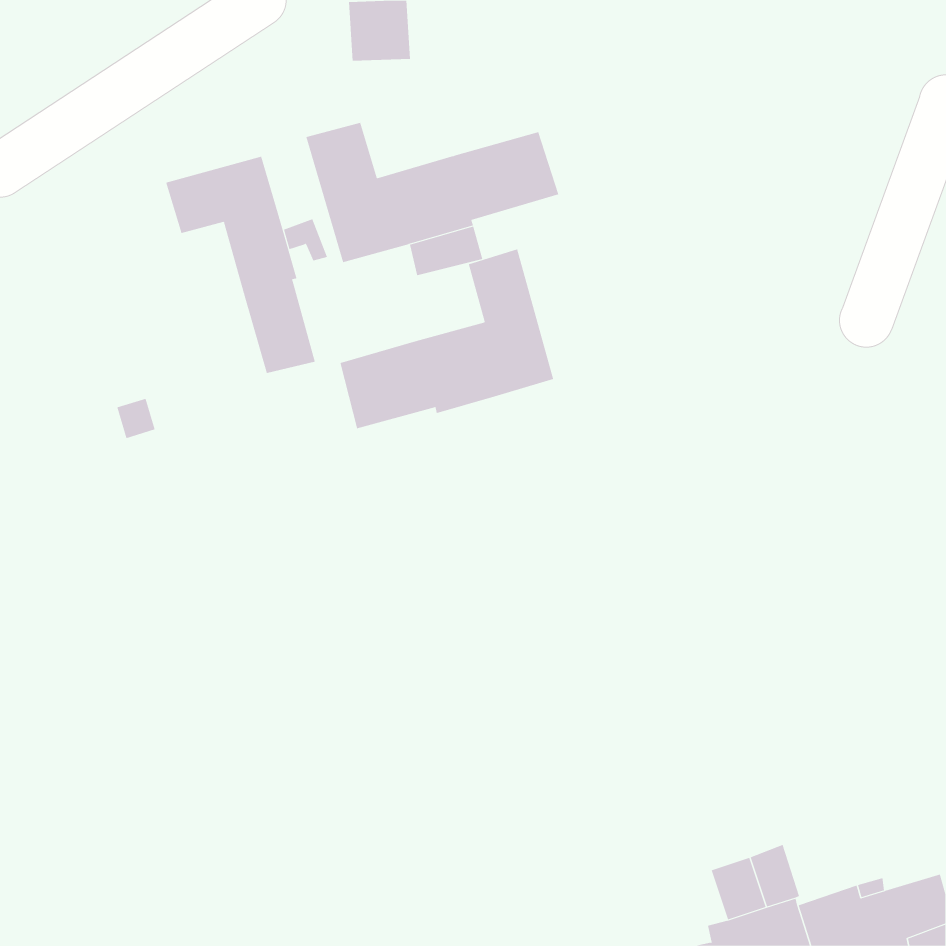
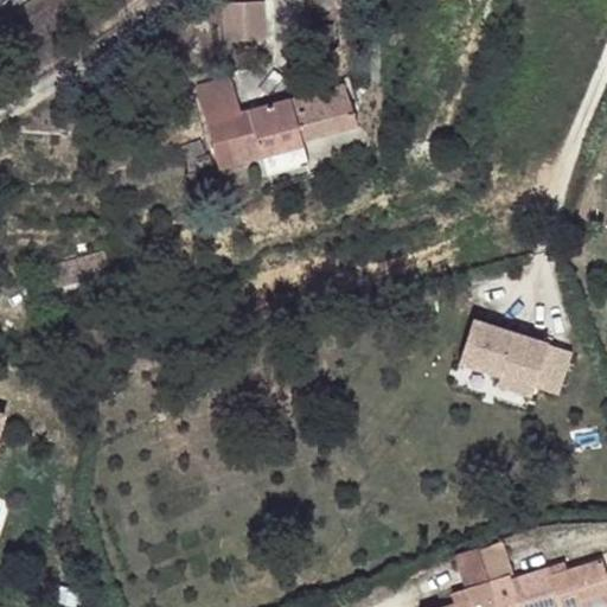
building: [165,156,315,374] -> none
building: [340,249,554,429] -> none
building: none -> [459,321,569,396]

